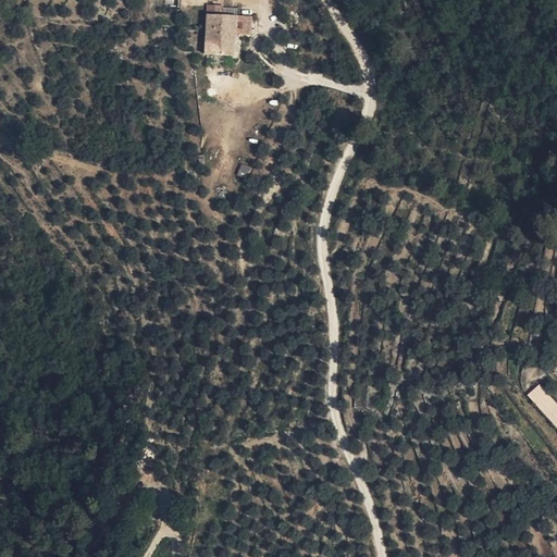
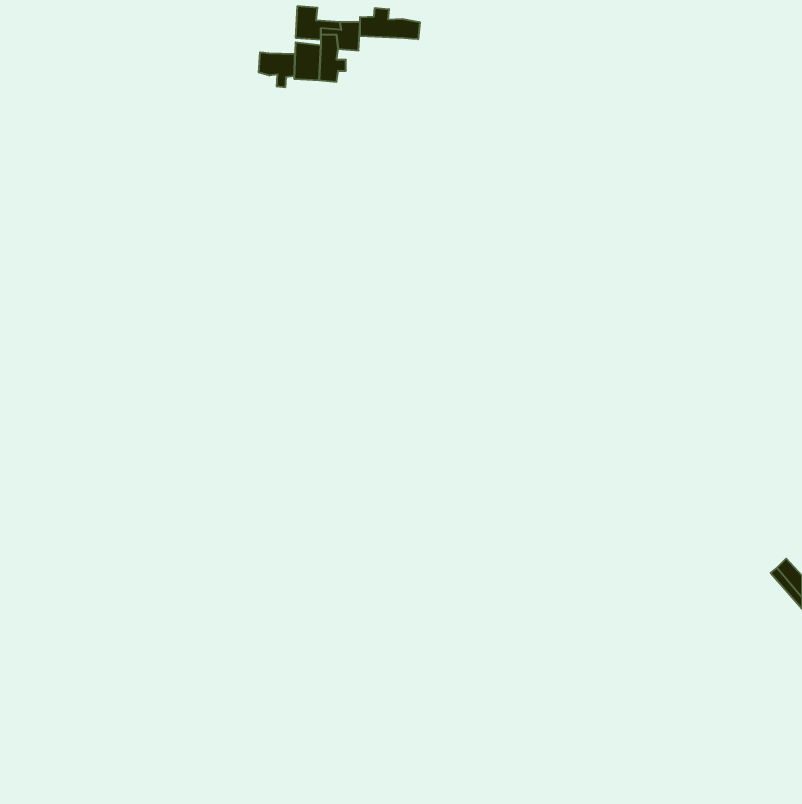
building: none -> [360,8,420,39]
building: none -> [259,52,294,87]

